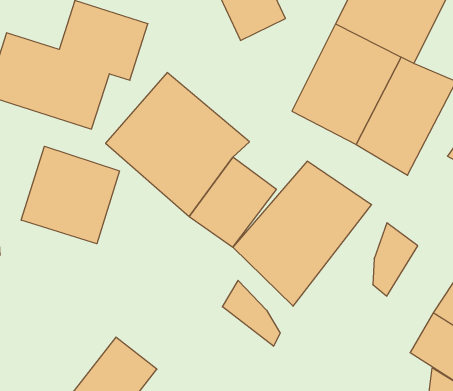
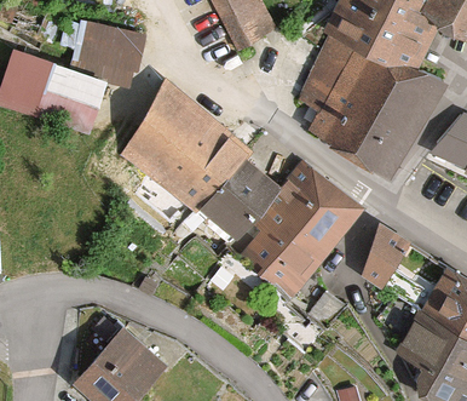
building: [21,146,120,244] -> none
building: [222,280,280,346] -> none

